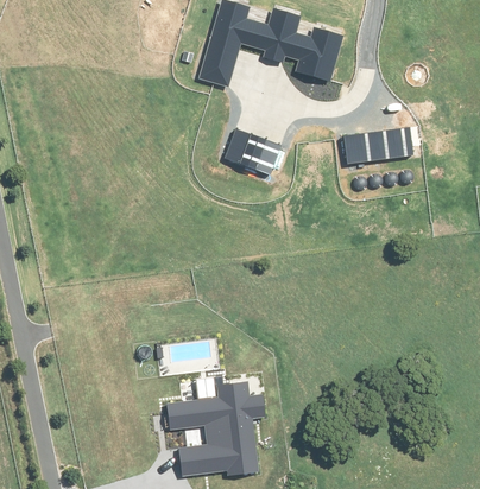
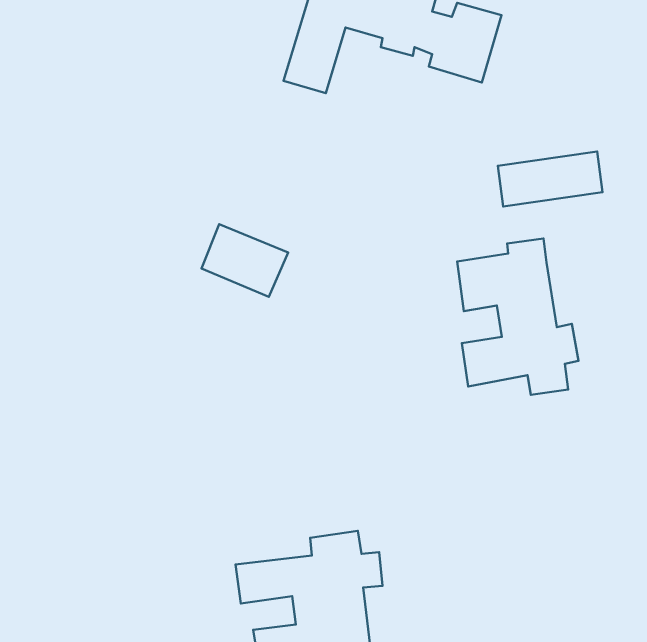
building: [225,127,283,176] -> [201,224,288,297]
building: none -> [457,239,578,395]

